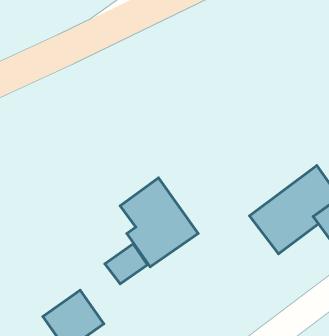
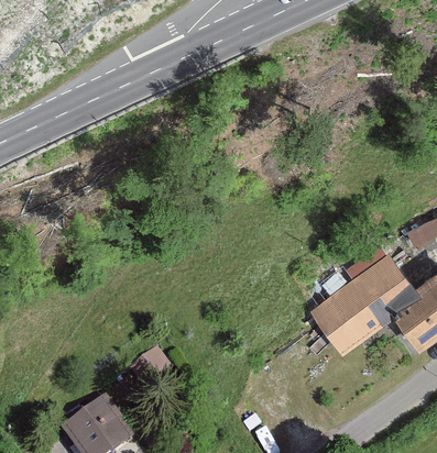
building: [120,178,198,267] -> none

